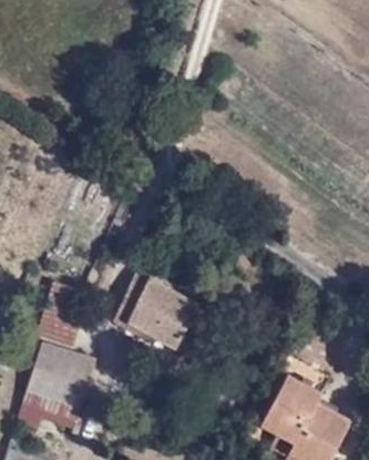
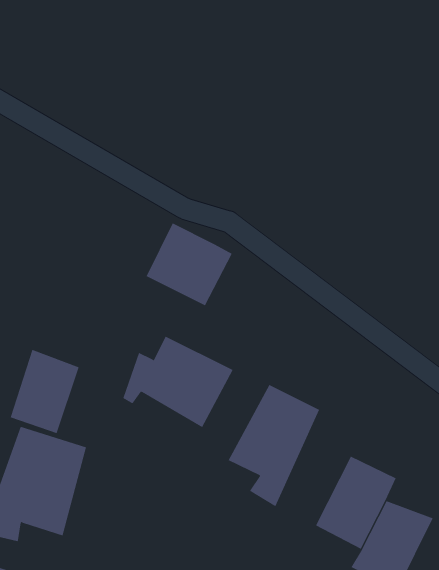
building: none -> [146,223,232,306]
building: none -> [228,384,320,507]

